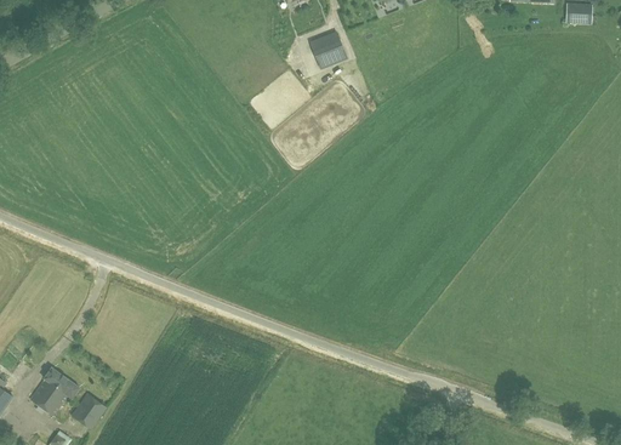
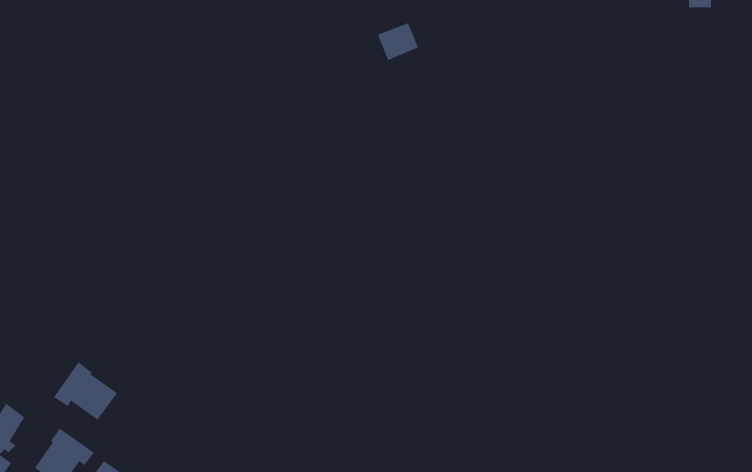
building: none -> [53,362,118,420]

